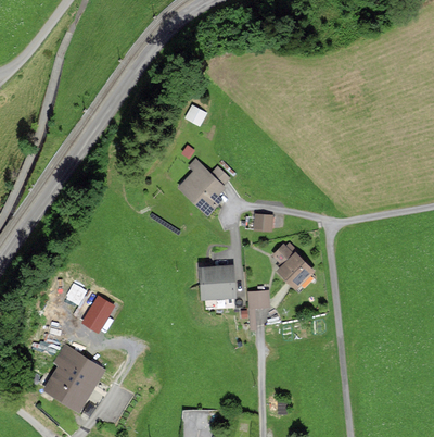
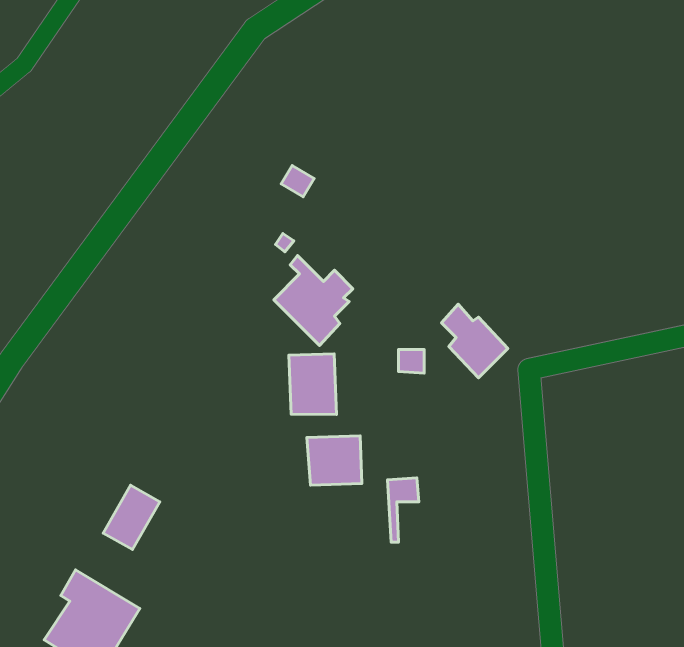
building: none -> [289,354,337,415]
building: [273,244,312,287] -> [442,304,508,378]

